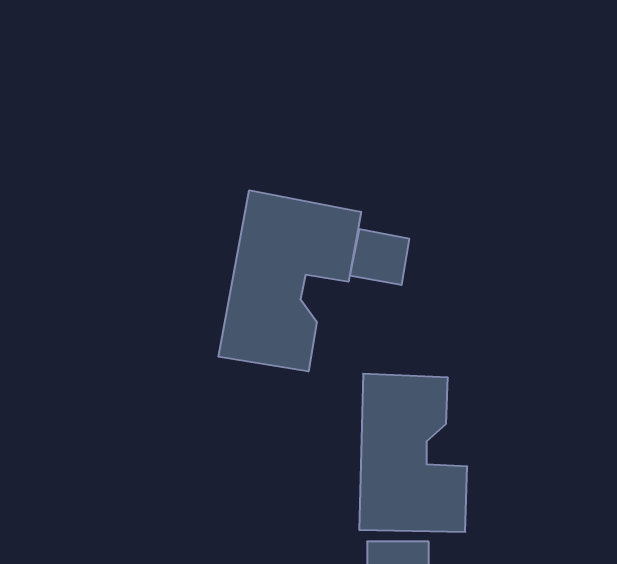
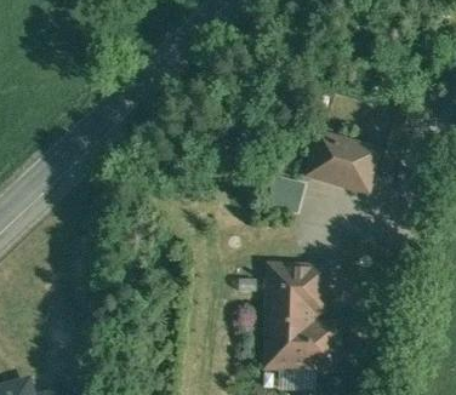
building: none -> [308,136,375,188]
building: [218,190,361,372] -> none

